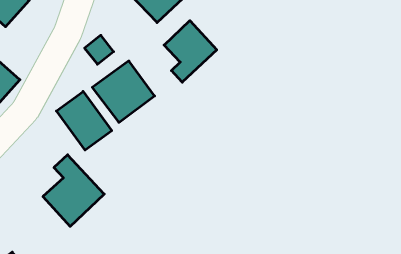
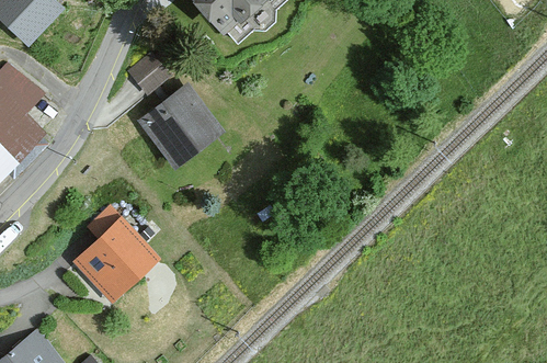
building: [164,21,217,82] -> none
building: [56,91,112,150] -> none

